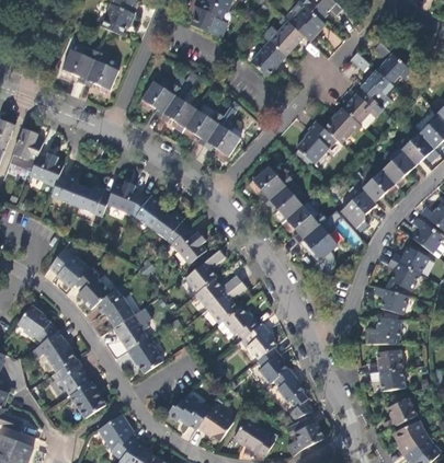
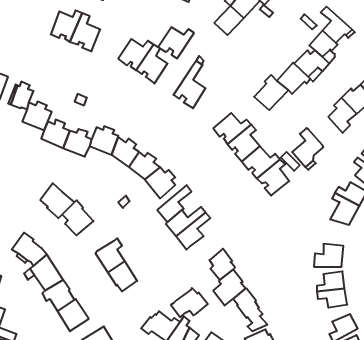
building: [181,108,223,144] -> [158,27,194,59]
building: [358,170,398,202] -> none
building: [96,286,134,325] -> none
building: [373,286,406,313] -> none
building: [215,305,258,339] -> [171,288,208,317]

